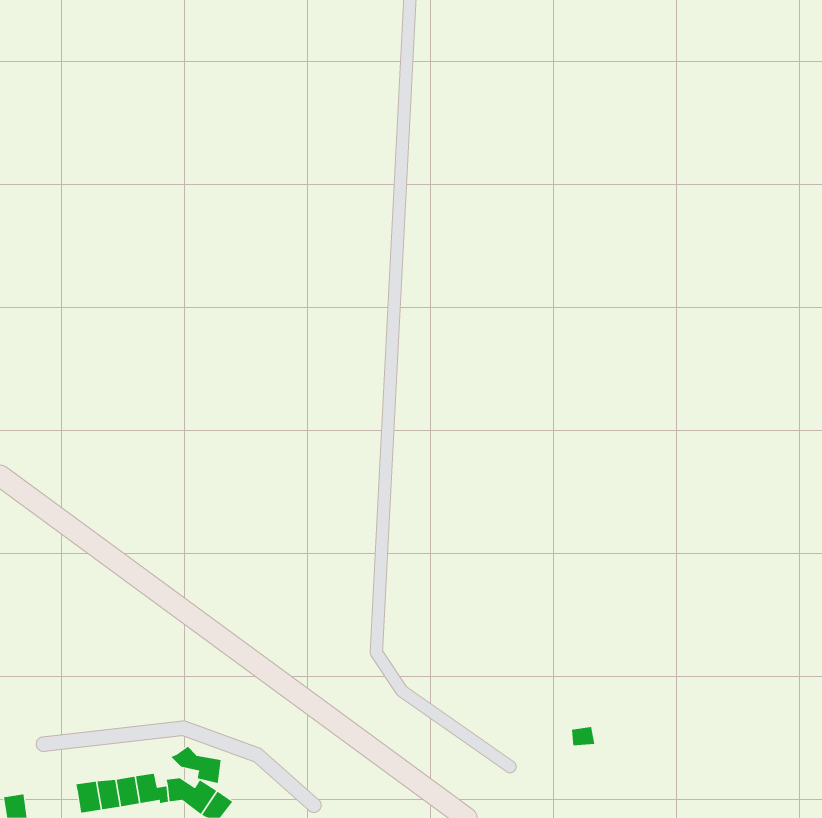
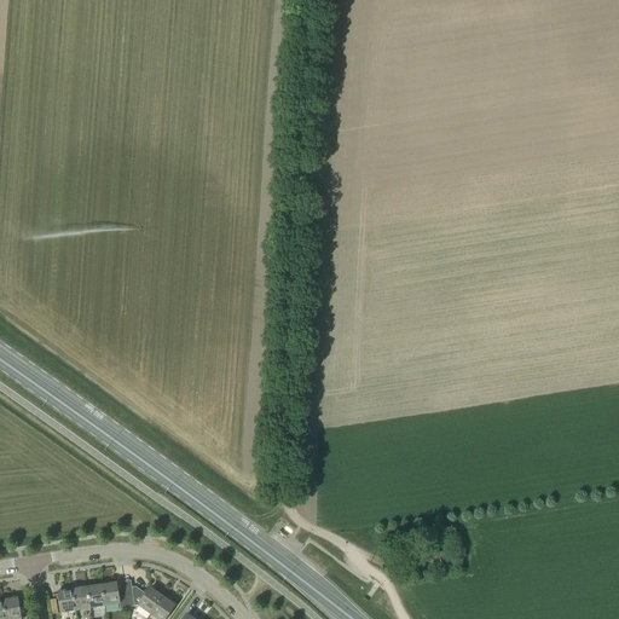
building: [171,746,221,784] -> none

